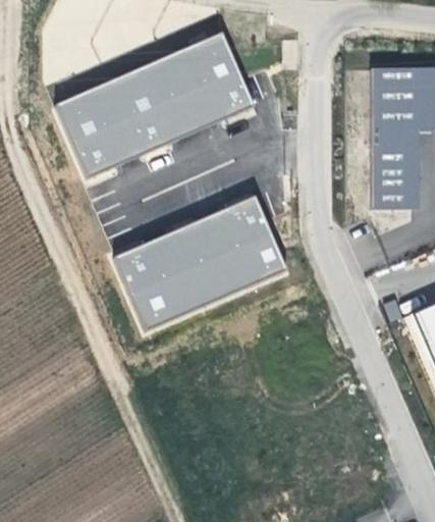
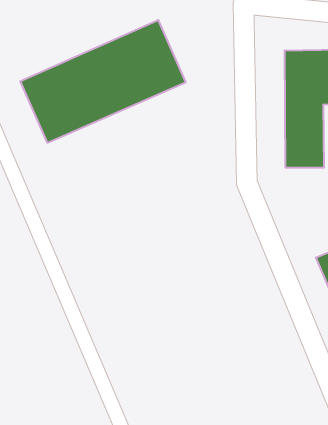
building: [114,195,290,332] -> none

